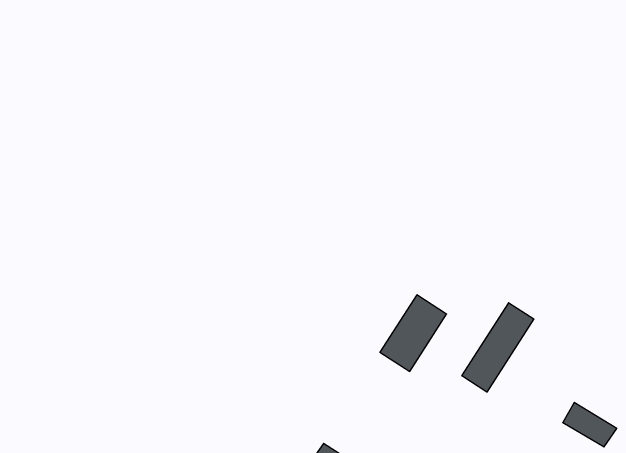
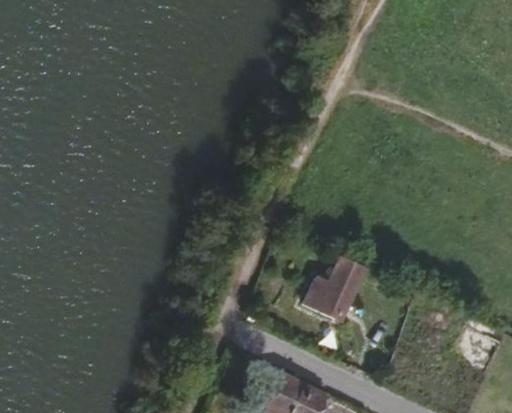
building: [462,303,534,392] -> none

